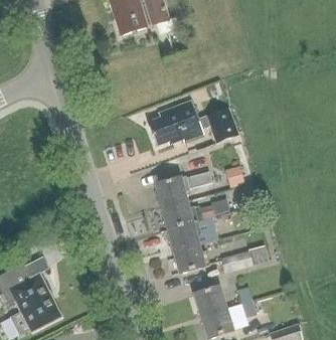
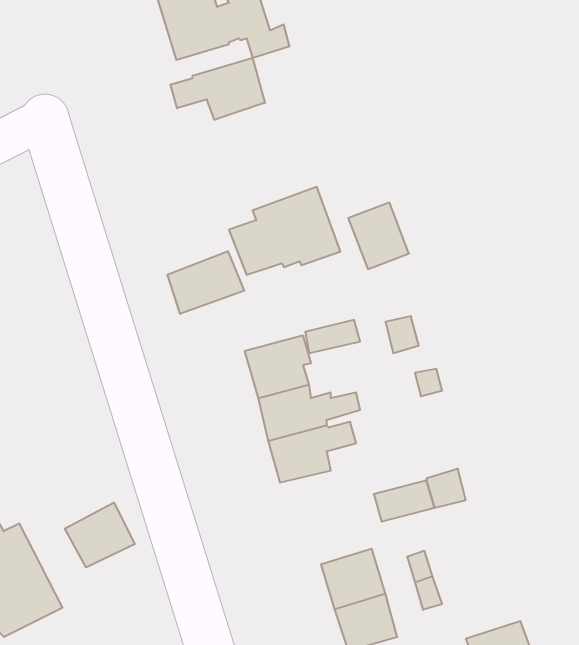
building: none -> [170,58,265,120]
building: none -> [167,251,244,314]
building: [173,245,209,273] -> none
building: none -> [65,503,135,567]

